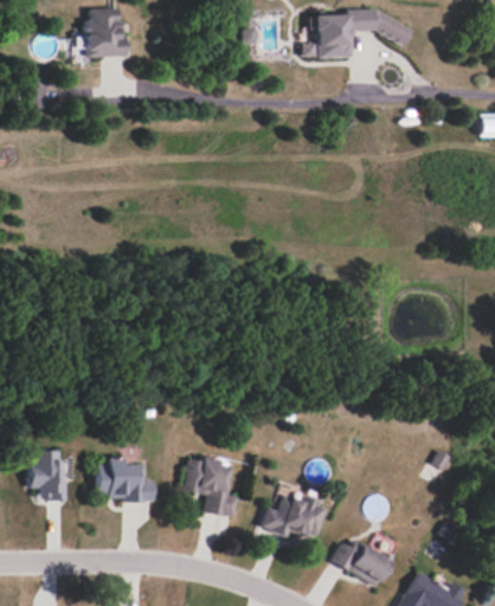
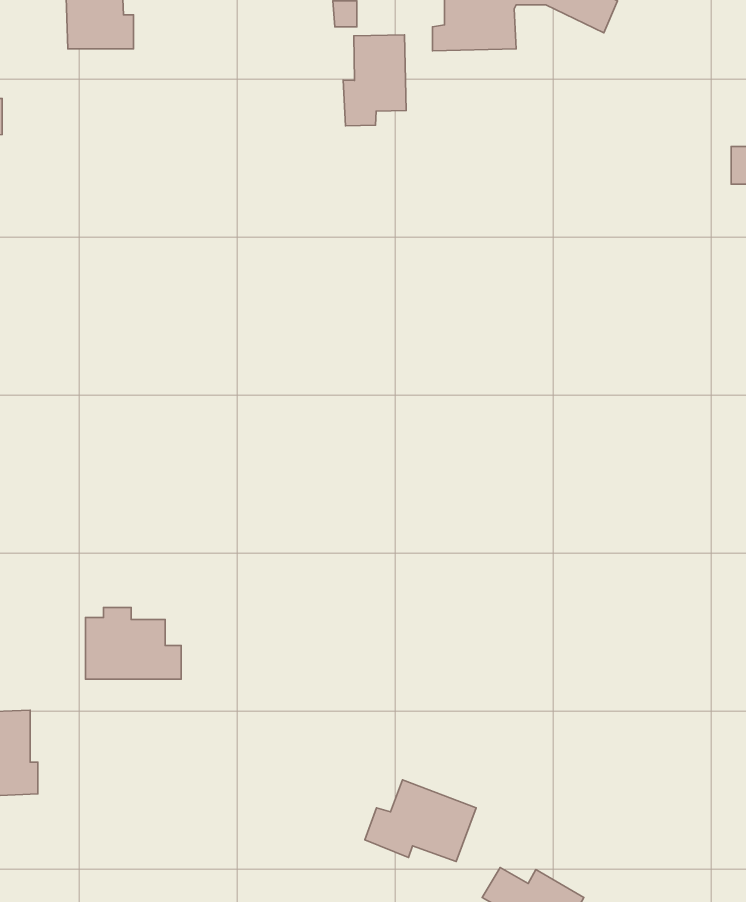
building: none -> [343,35,406,126]
building: [185,457,239,518] -> none
building: [98,458,155,501] -> [85,608,181,679]

